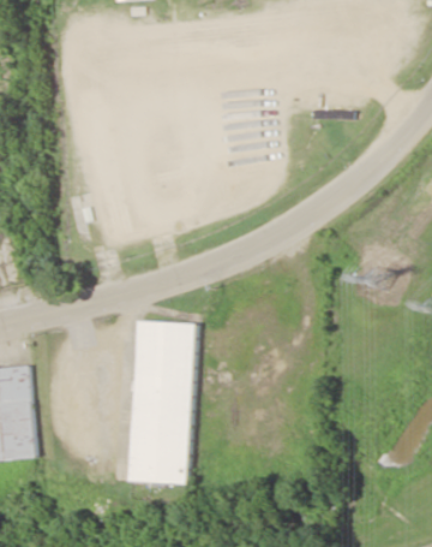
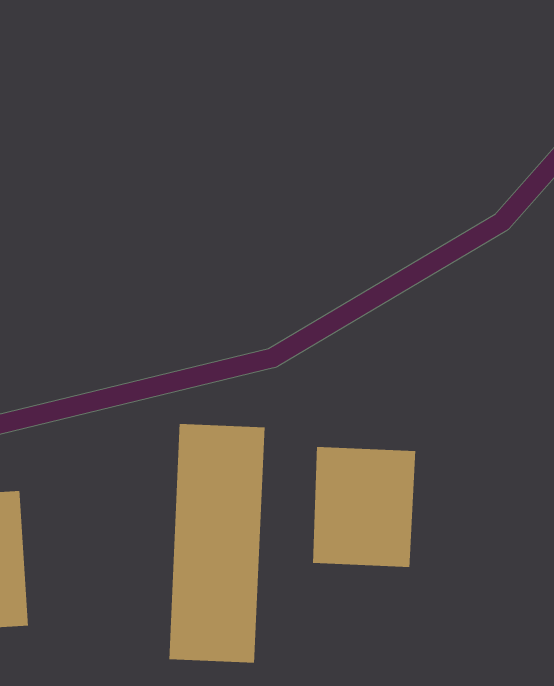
building: none -> [312,446,416,568]

